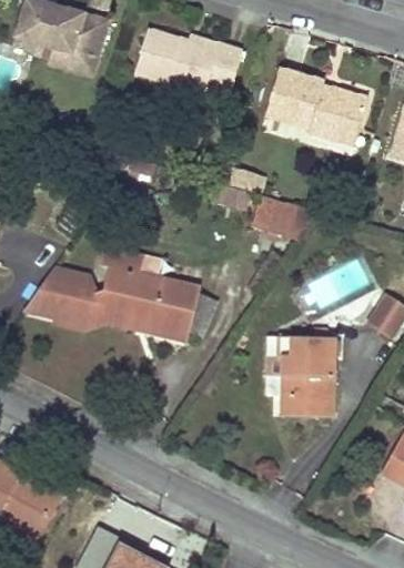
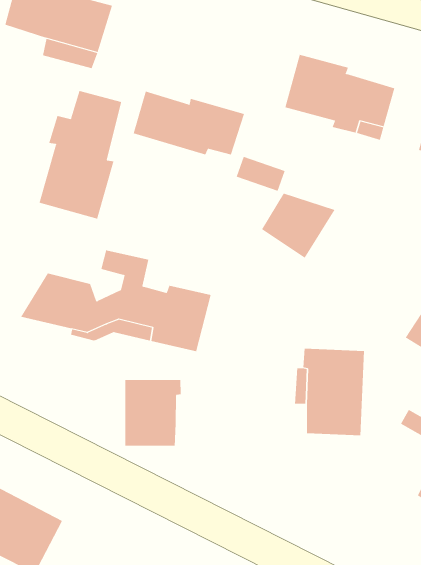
building: [135,32,238,91] -> [133,91,245,155]
building: none -> [39,90,122,220]
building: none -> [125,379,181,447]

